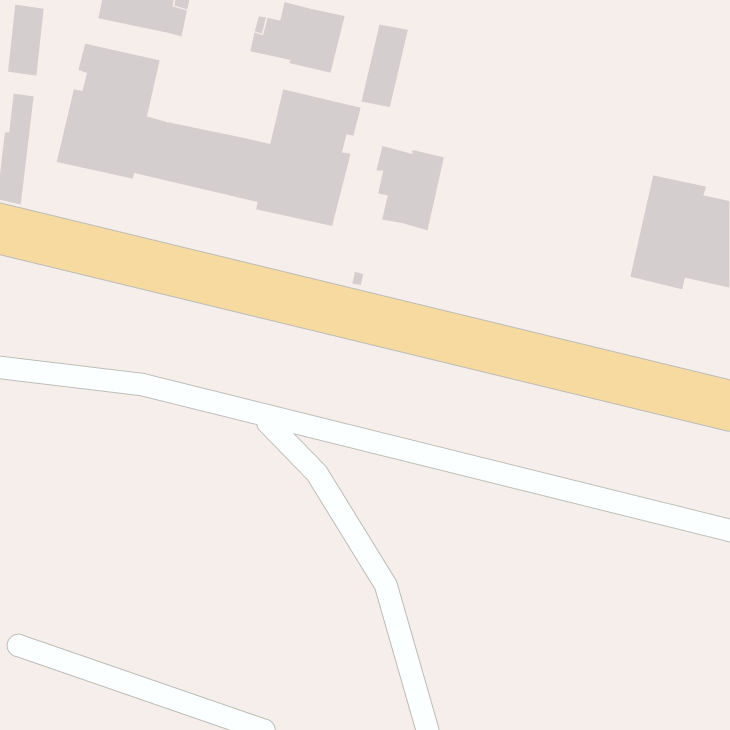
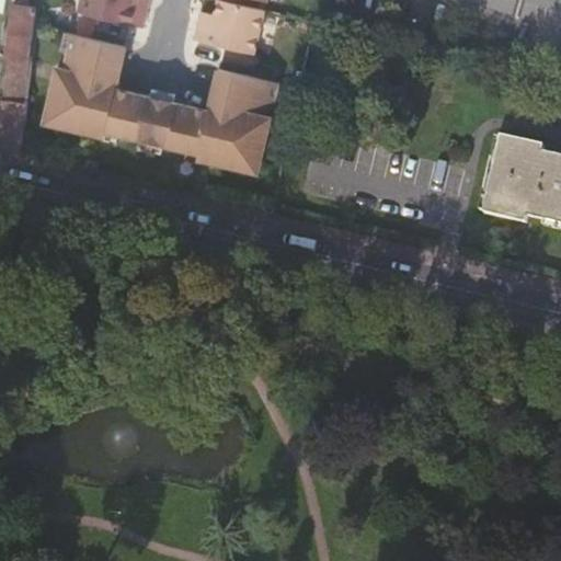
building: [361,24,408,108] -> none
building: [376,145,445,231] -> none

